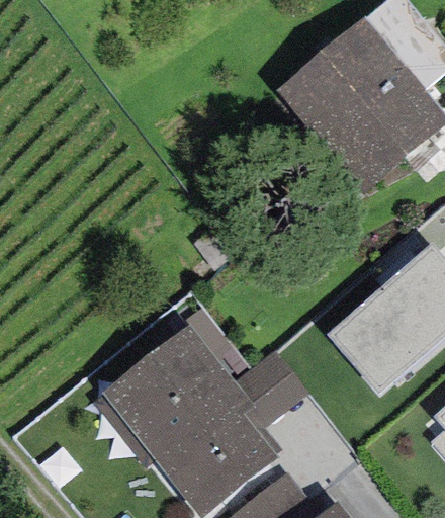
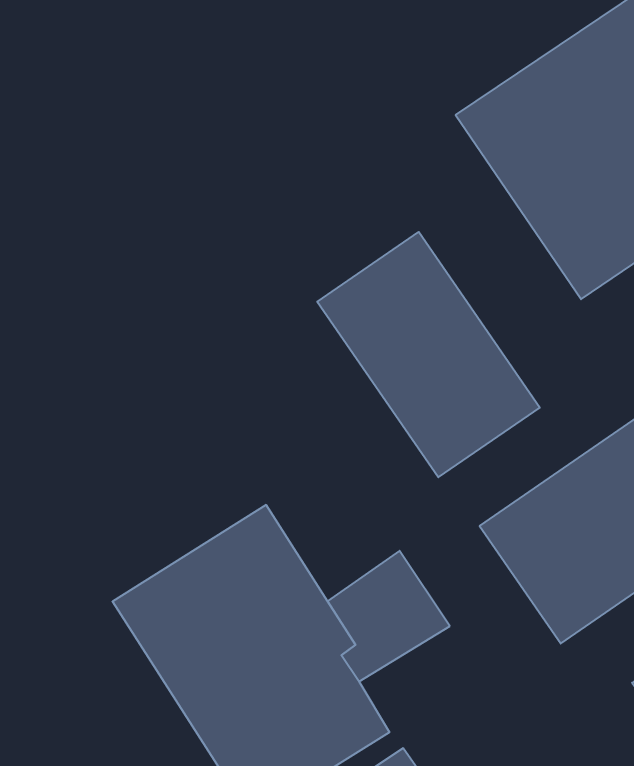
building: none -> [317,232,540,477]

